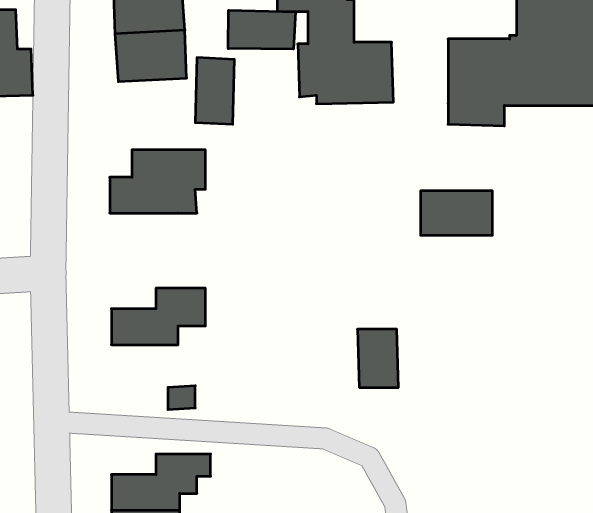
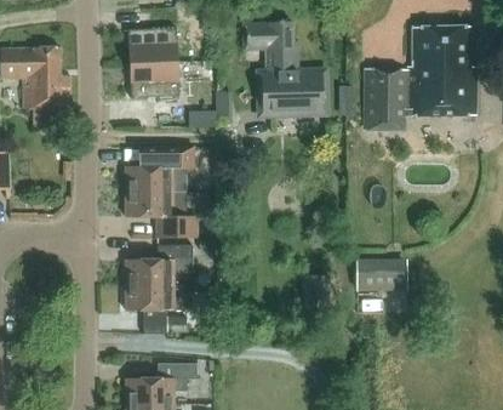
building: [228,10,295,49] -> none
building: [421,191,492,235] -> [355,260,406,291]
building: none -> [125,193,196,239]
building: none -> [126,286,187,311]

